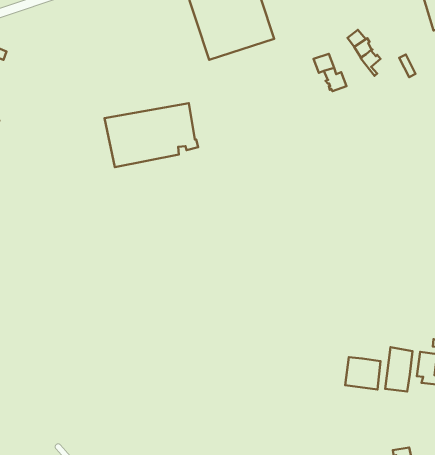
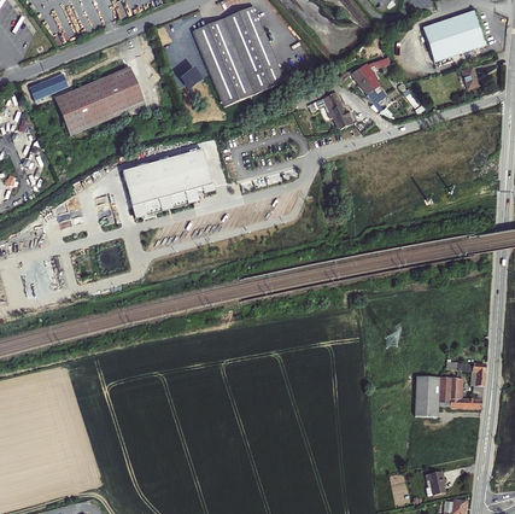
building: none -> [53,68,145,136]
building: [345,357,380,390] -> none

